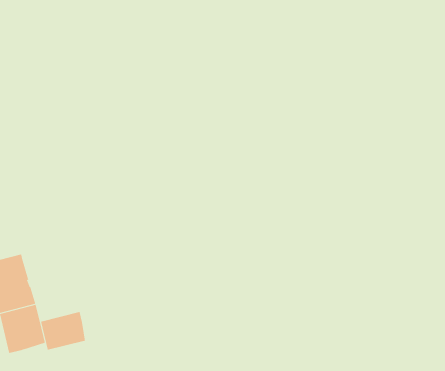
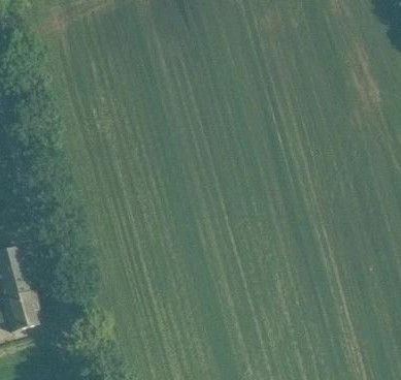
building: [41,311,86,351] -> none

